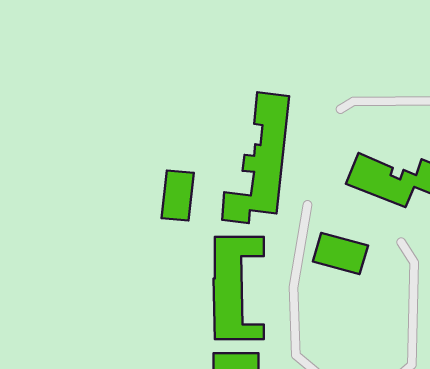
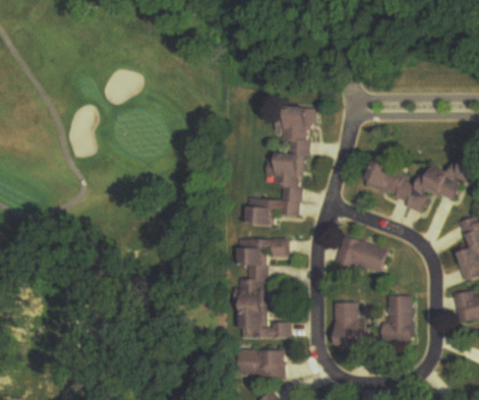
building: [162,170,194,221] -> none
building: none -> [381,295,410,341]
building: none -> [334,302,363,346]

